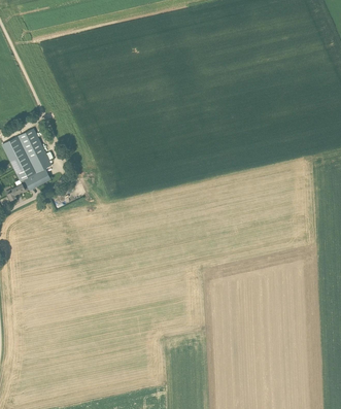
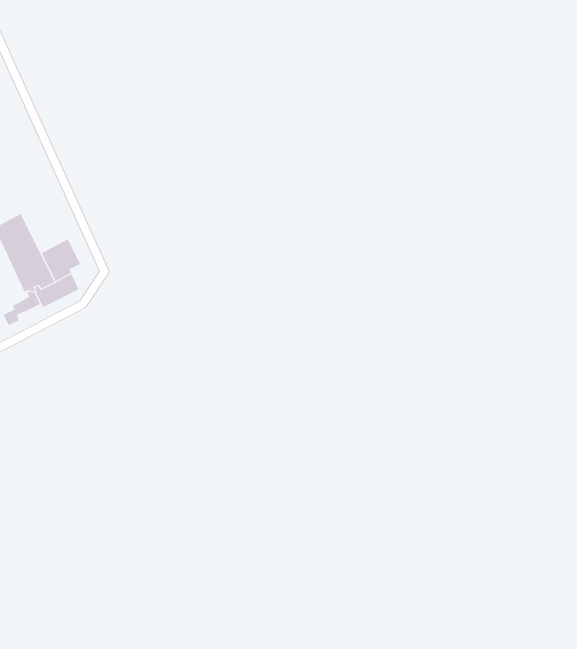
building: [20,127,46,158] -> none

